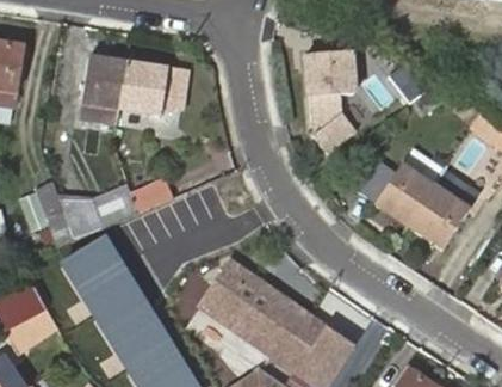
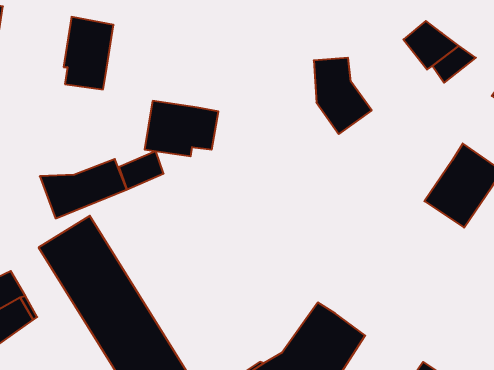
building: [305,49,353,94] -> none
building: [119,62,186,112] -> [145,101,218,156]
building: [374,162,433,222] -> none
building: [37,182,74,250] -> none
building: [200,256,311,360] -> none

